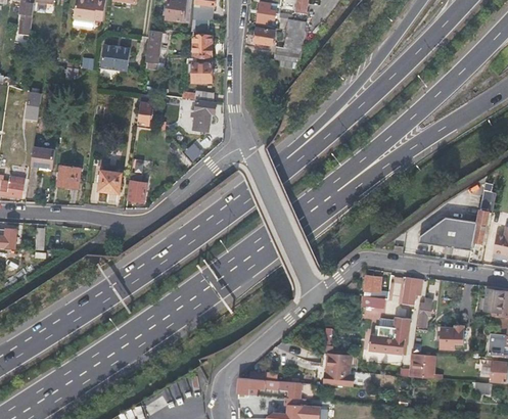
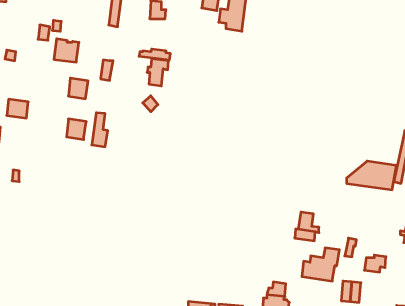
building: [101,44,130,71] -> [54,39,79,62]
building: [187,56,212,81] -> none
building: [58,165,81,188] -> [68,78,88,99]
building: [402,277,421,304] -> none

